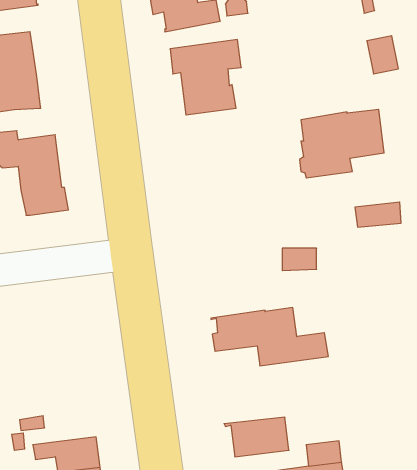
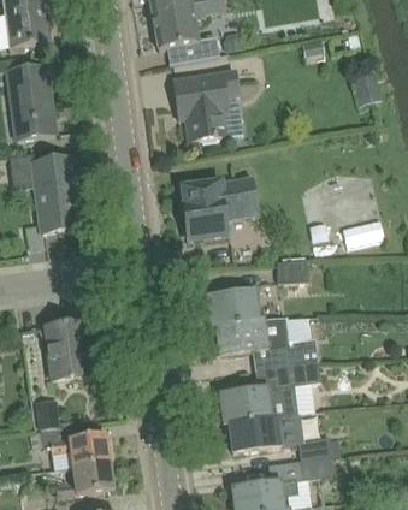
building: [300,109,384,178] -> [181,177,258,239]
building: none -> [207,289,260,325]
building: none -> [45,321,90,379]
building: none -> [219,360,320,421]

